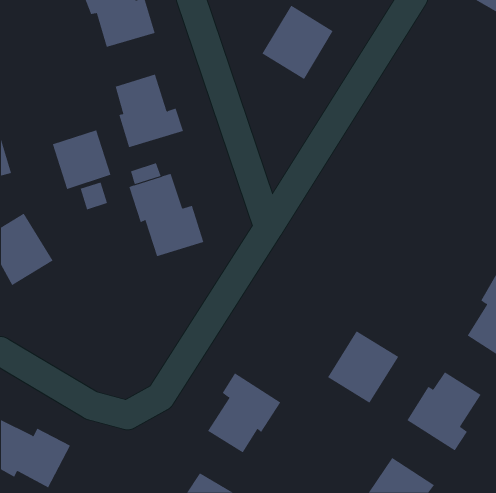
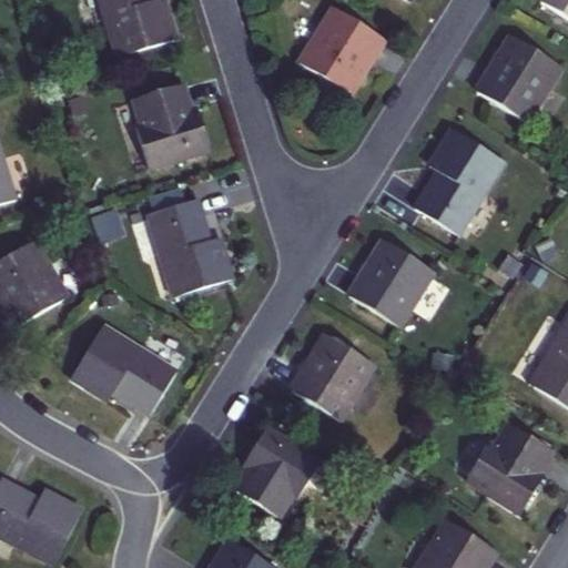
building: none -> [477,33,558,118]
building: none -> [418,131,498,231]
building: [52,129,111,190] -> none
building: none -> [346,239,433,325]
building: none -> [71,328,178,413]
building: [327,330,399,403] -> [291,334,373,417]

